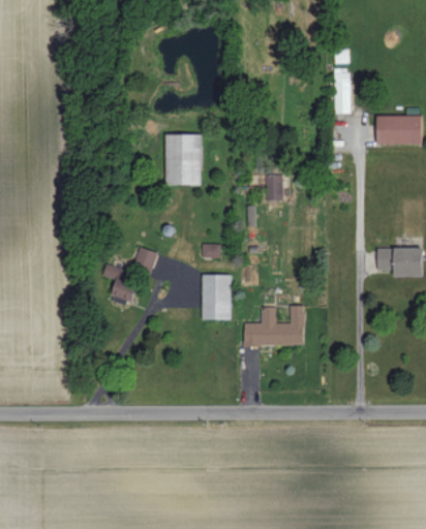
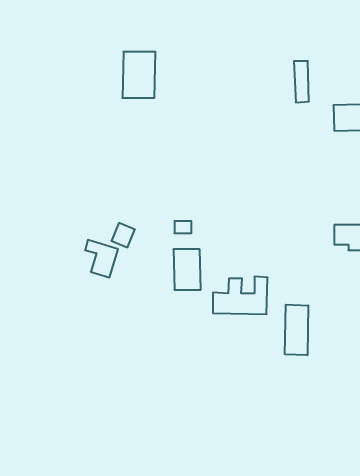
building: [164,134,201,185] -> [122,52,155,98]
building: [266,175,281,200] -> none
building: none -> [285,305,308,355]

